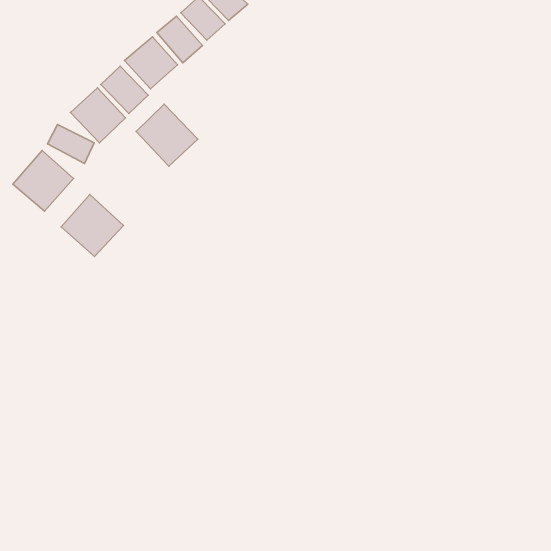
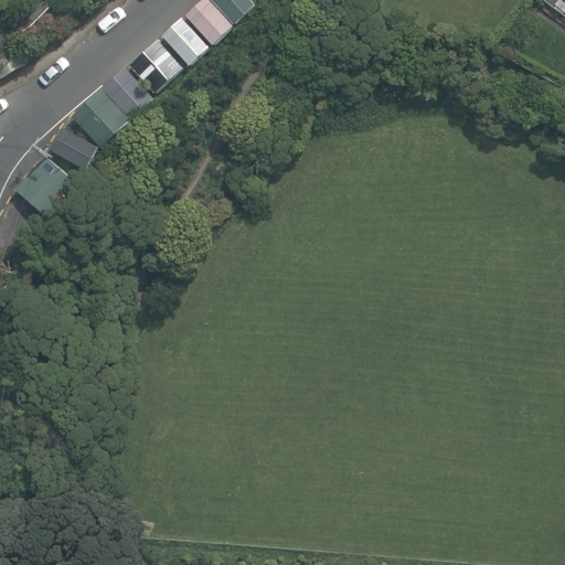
building: [136,104,198,166] -> none
building: [61,195,123,257] -> none

